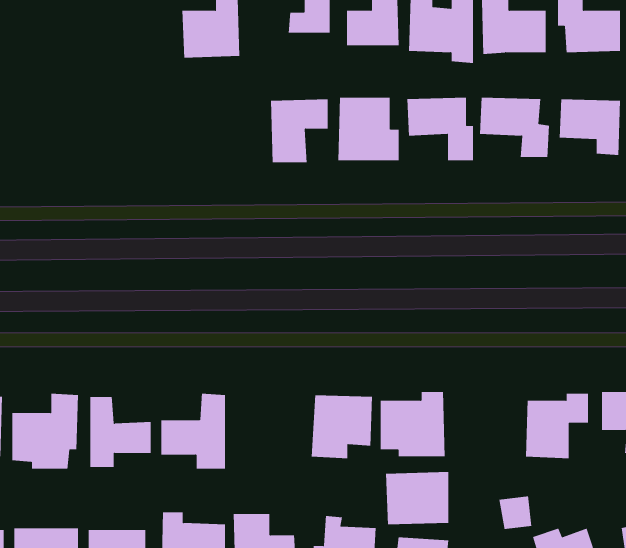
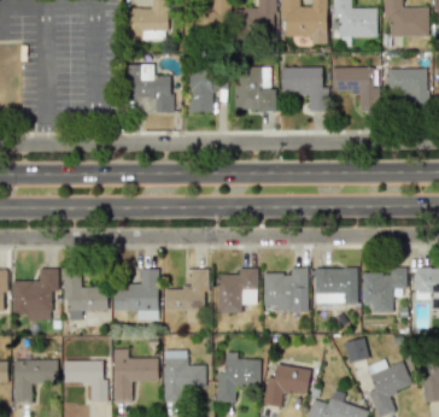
building: none -> [125,65,172,112]
building: none -> [165,270,207,323]
building: [385,472,449,525] -> [314,268,357,304]

